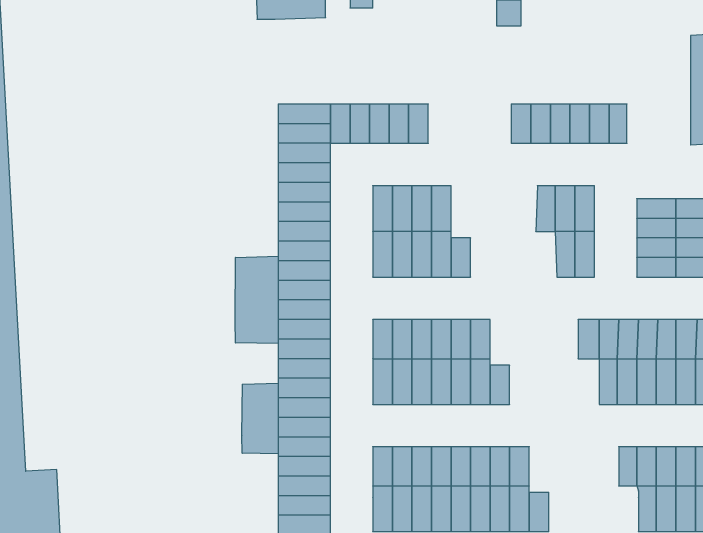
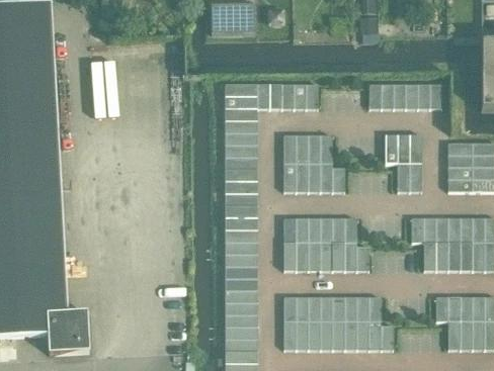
building: [235,256,278,344] -> none
building: [242,383,278,454] -> none

